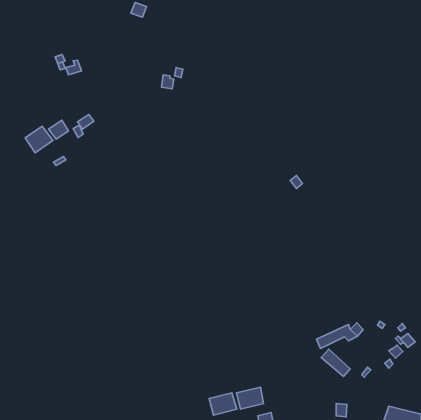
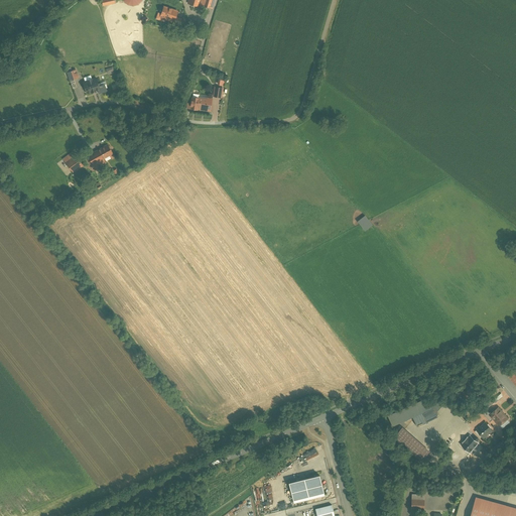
building: [25,126,53,153] -> none
building: [209,393,237,415] -> none

